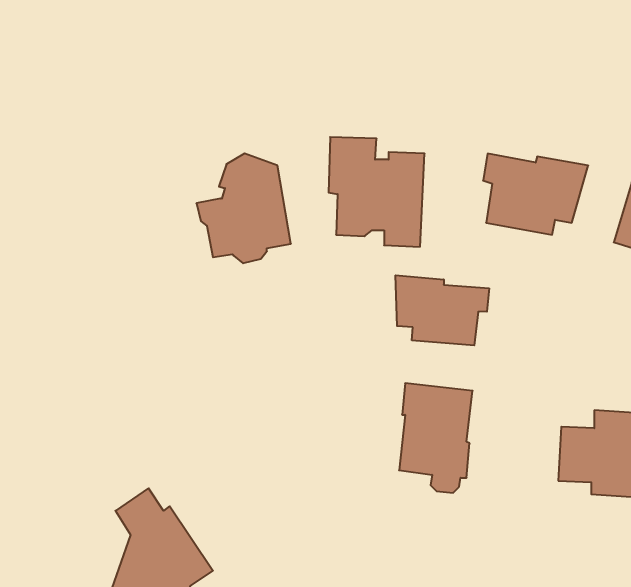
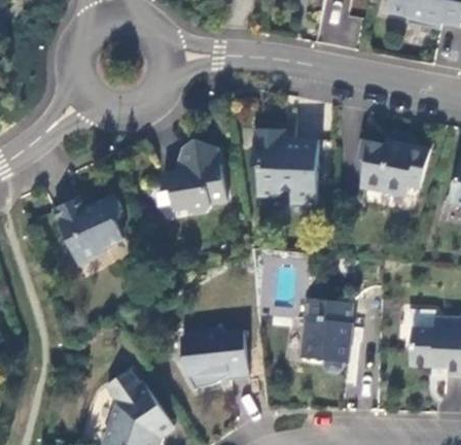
building: none -> [52,195,122,265]
building: [396,275,489,345] -> none
building: none -> [177,324,248,388]

